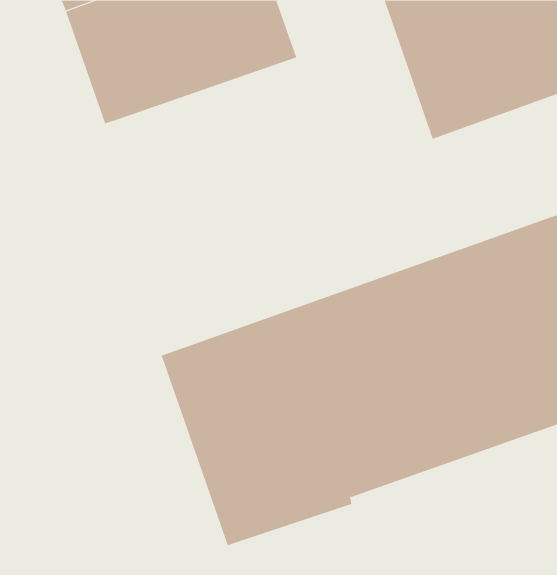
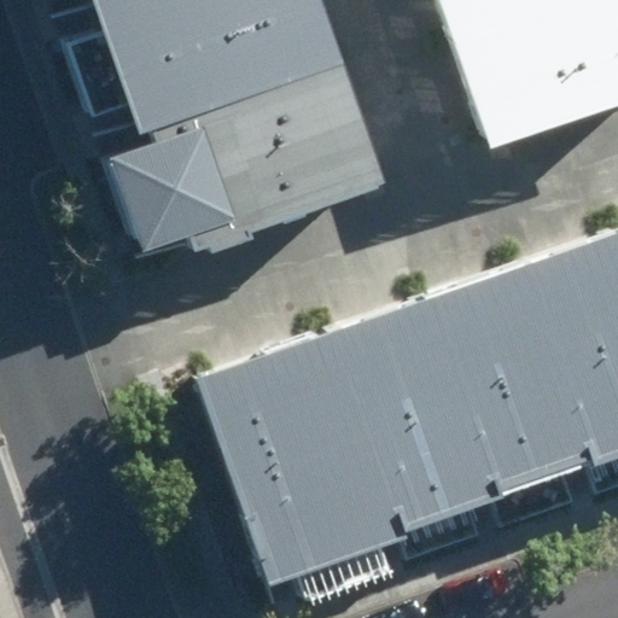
building: none -> [144,62,381,253]

